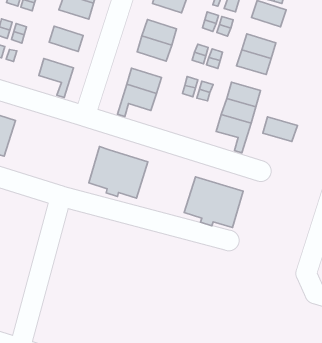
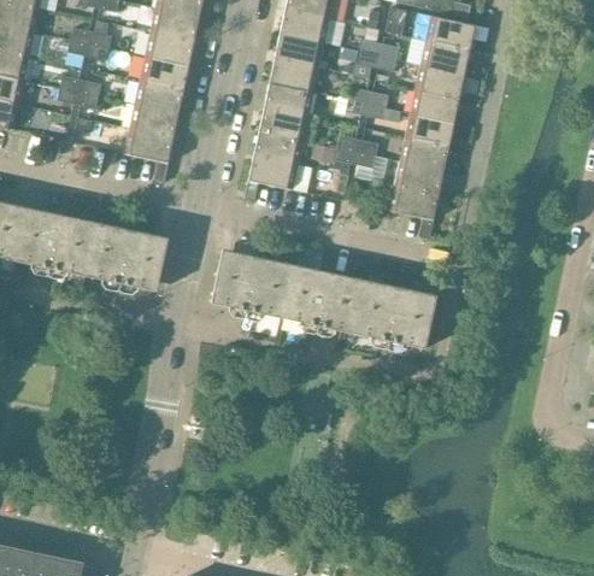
building: none -> [275,35,323,69]
building: none -> [140,57,189,90]
building: none -> [420,42,469,76]
building: none -> [129,105,178,139]
building: none -> [258,107,307,141]
building: [263,117,298,141] -> [405,114,454,147]
building: none -> [84,223,167,292]
building: none -> [282,265,365,334]

